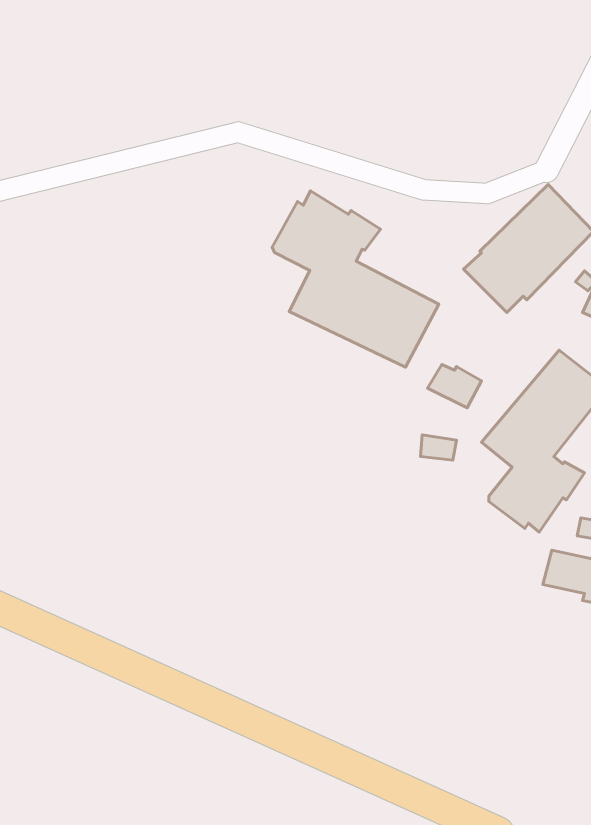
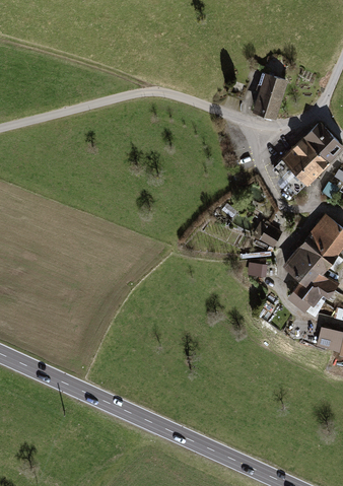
building: none -> [252,73,287,119]
building: [272,191,439,367] -> none

